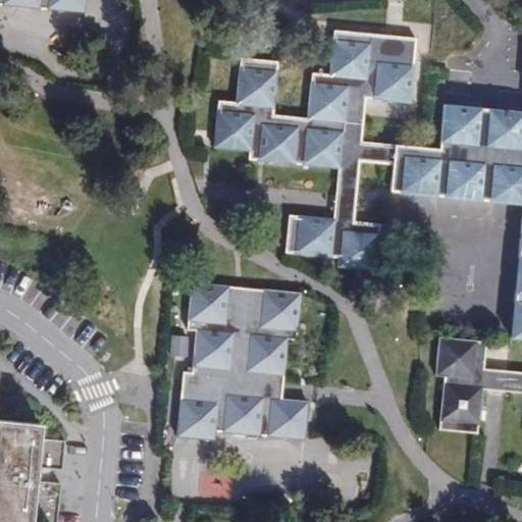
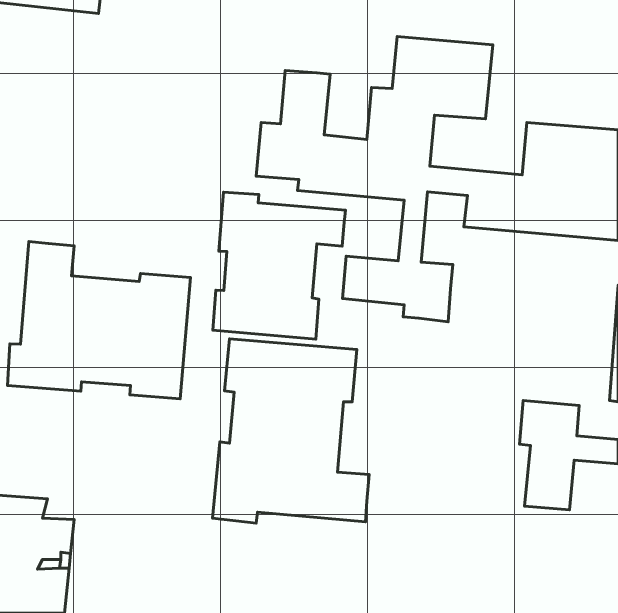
building: none -> [213,192,346,339]
building: none -> [7,241,191,399]

